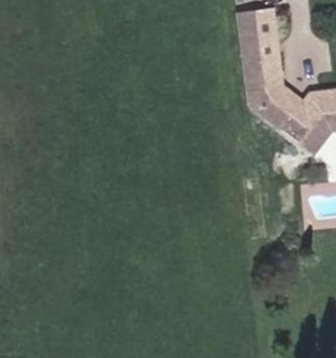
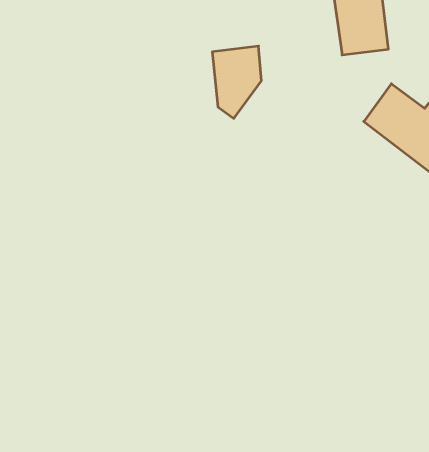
building: [244,61,278,111] -> [212,46,261,118]

